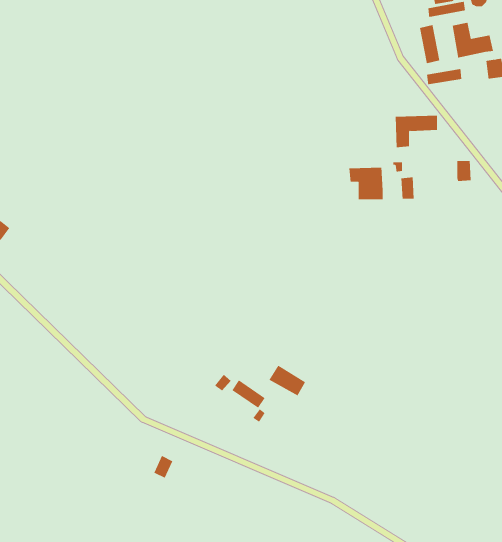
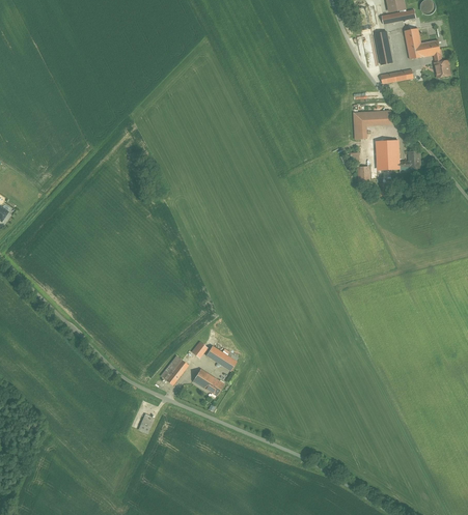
building: [349,167,383,200] -> [368,140,400,169]
building: [269,365,306,396] -> [193,369,226,397]
building: none -> [160,354,190,385]

